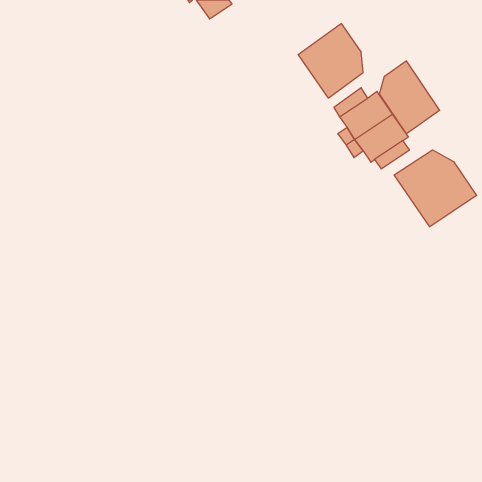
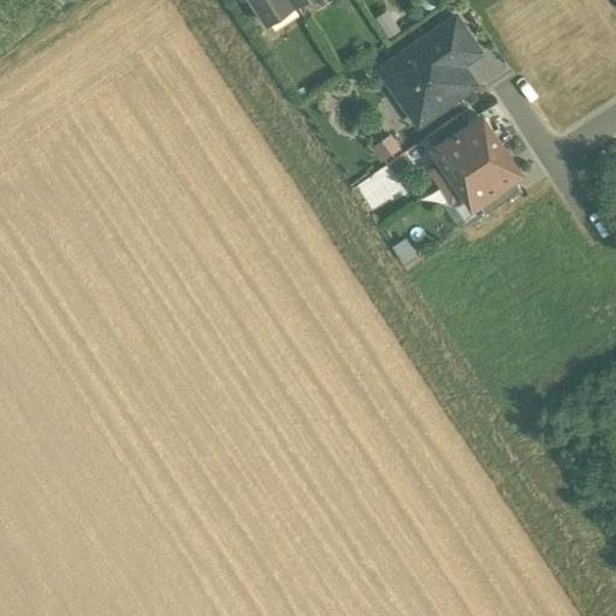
building: none -> [436,17,480,66]
building: [380,61,440,134] -> none
building: [394,150,477,227] -> none

